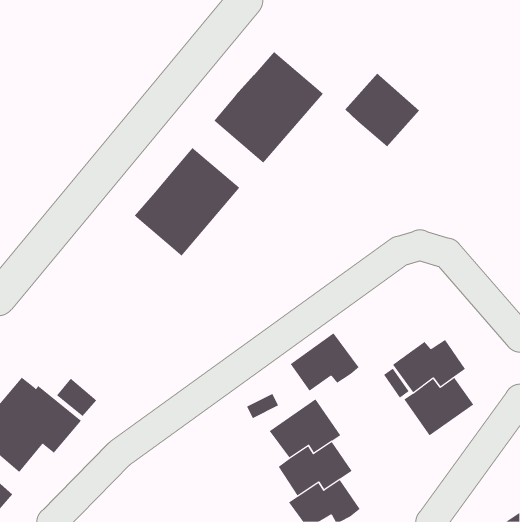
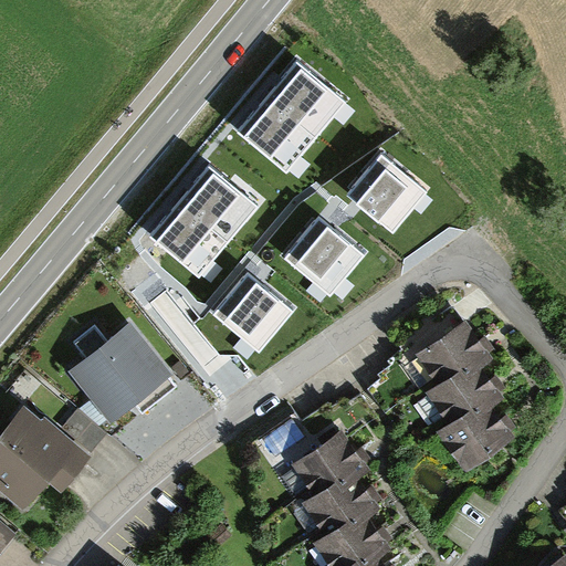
building: [344,73,420,147] -> [343,150,424,231]
building: none -> [282,211,365,293]
building: none -> [209,266,295,352]
building: none -> [71,323,172,422]
building: [290,332,359,392] -> [416,322,491,386]

